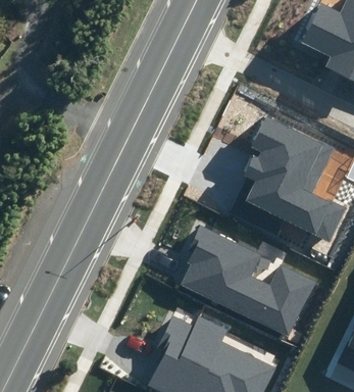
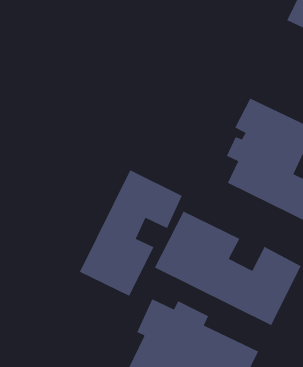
building: none -> [79,169,183,297]

